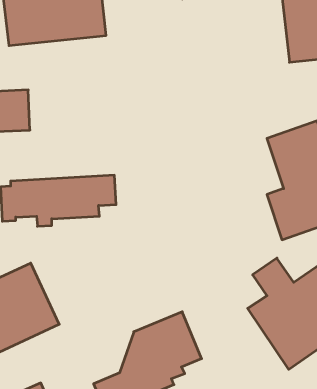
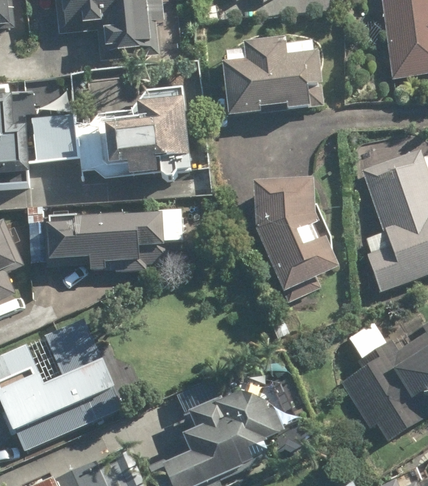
building: none -> [221,38,323,115]
building: none -> [100,99,185,180]
building: none -> [252,179,339,295]

